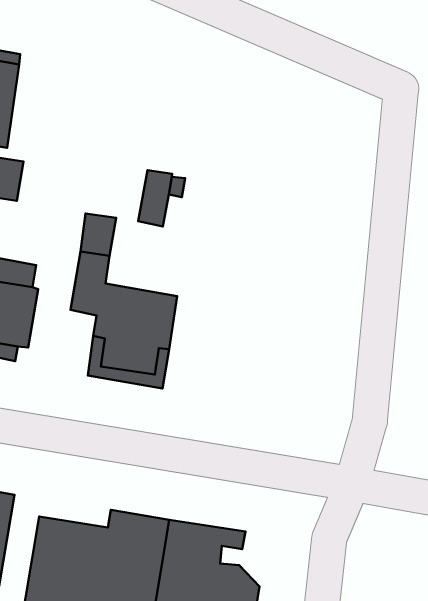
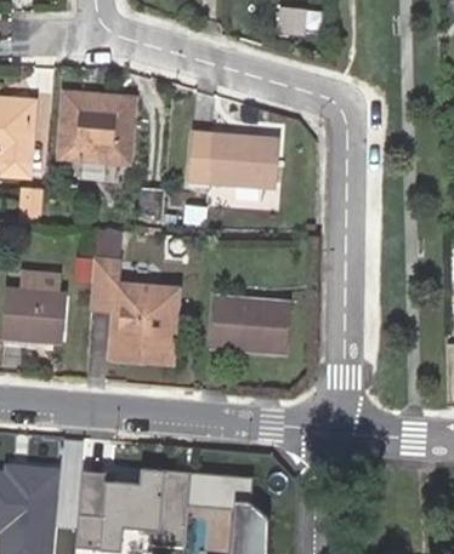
building: none -> [59,92,134,164]
building: none -> [189,132,278,188]
building: none -> [210,296,293,353]

